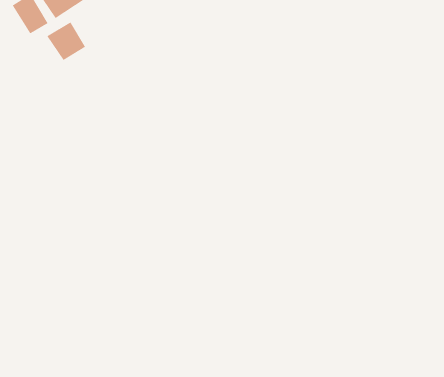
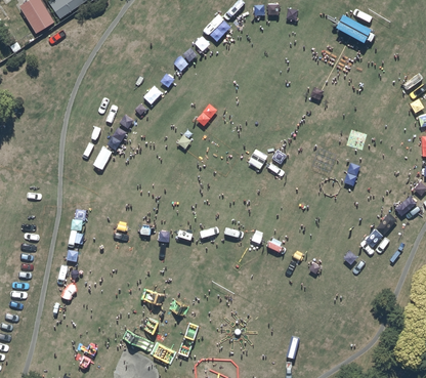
building: [46,21,86,61] -> none

